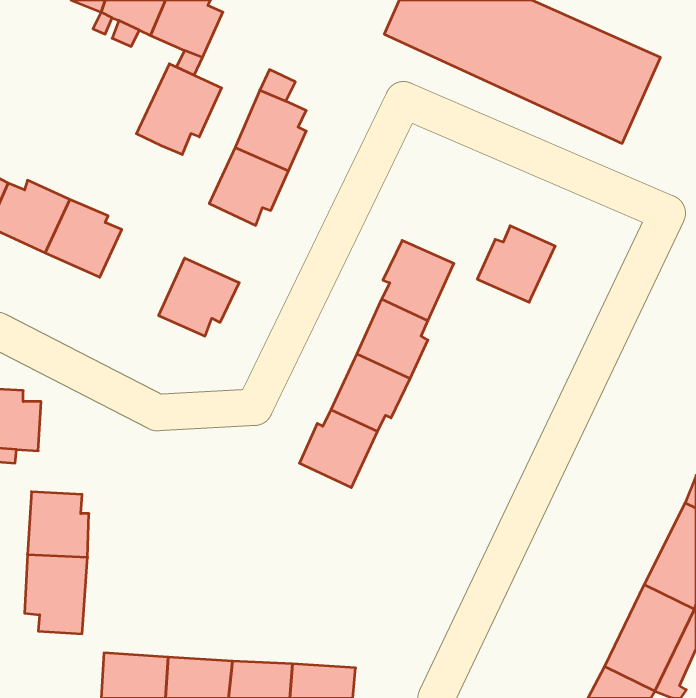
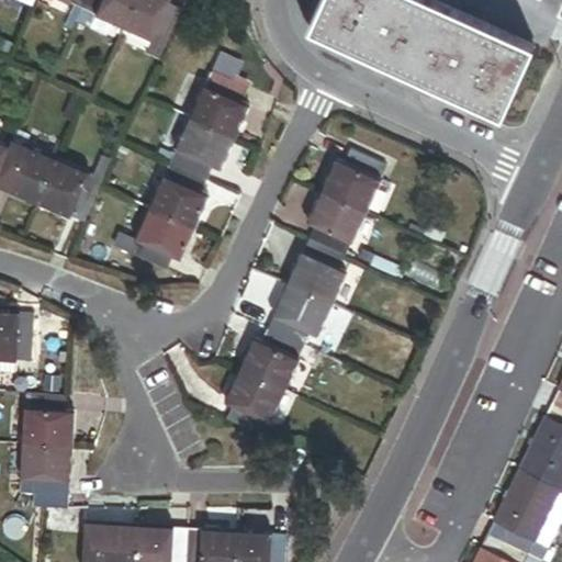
building: [136,64,222,155] -> none
building: none -> [148,164,206,227]
building: [477,226,555,302] -> [323,150,385,212]
building: none -> [225,372,282,436]

